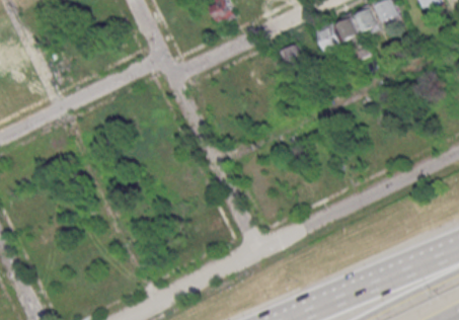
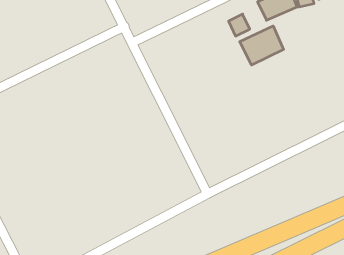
building: none -> [240,26,284,65]

